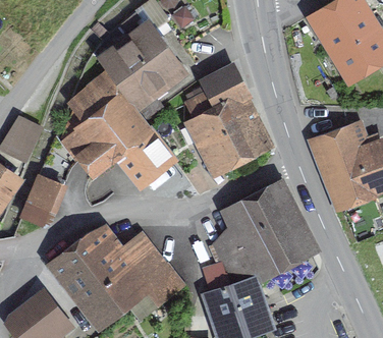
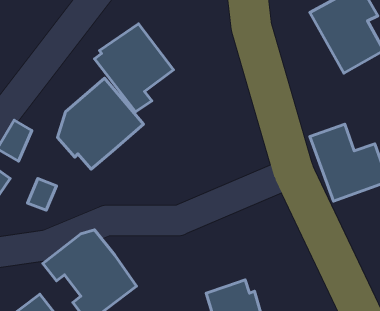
building: [192,73,259,167] -> none
building: [117,127,174,184] -> none
building: [213,187,303,288] -> none
building: [119,243,180,307] -> none

